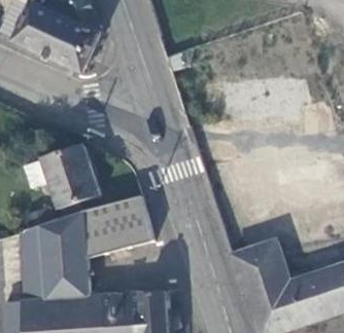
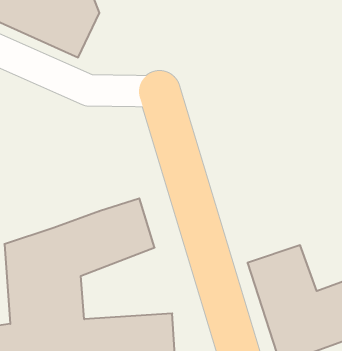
building: [33,144,104,218] -> none

